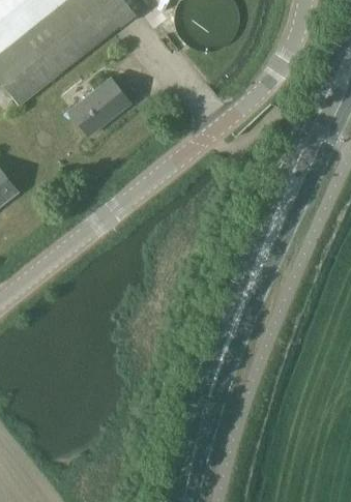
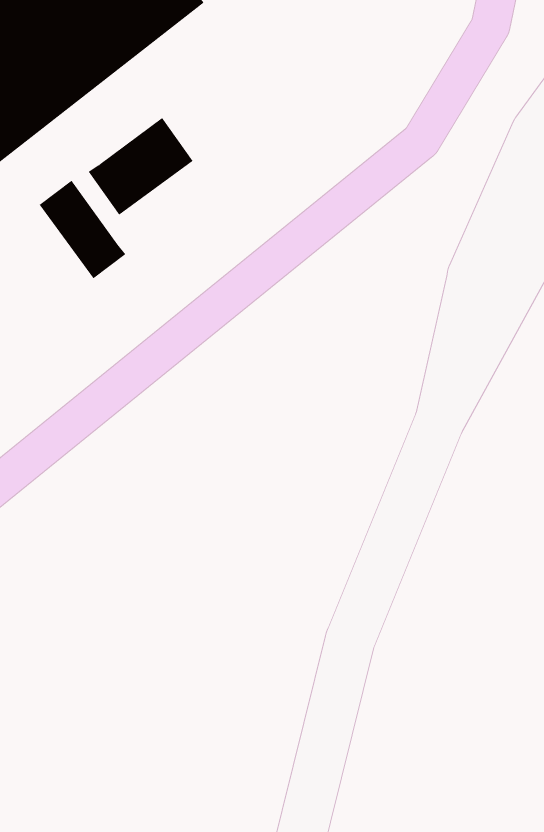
building: none -> [39,180,126,279]

